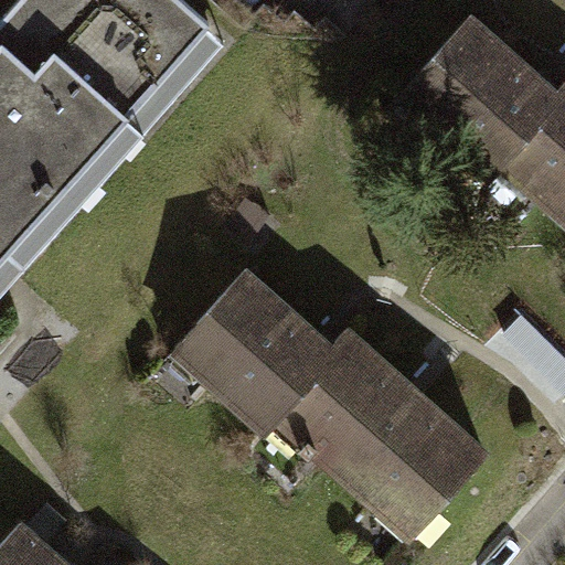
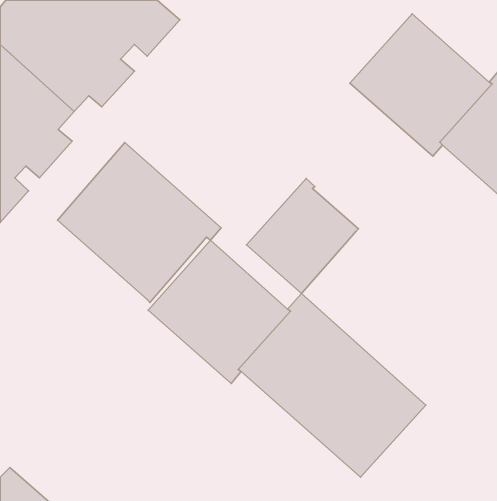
building: none -> [57,142,221,302]
building: none -> [247,178,359,293]

